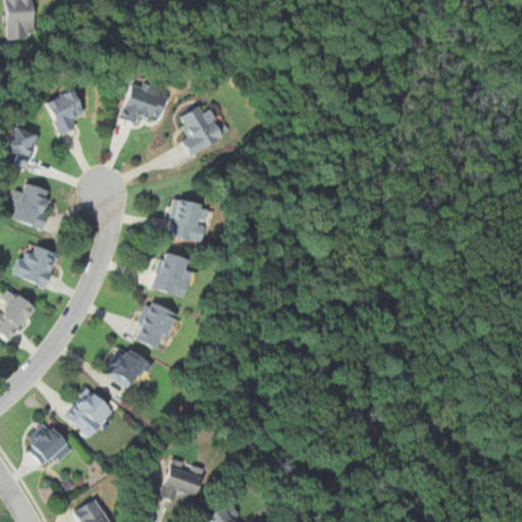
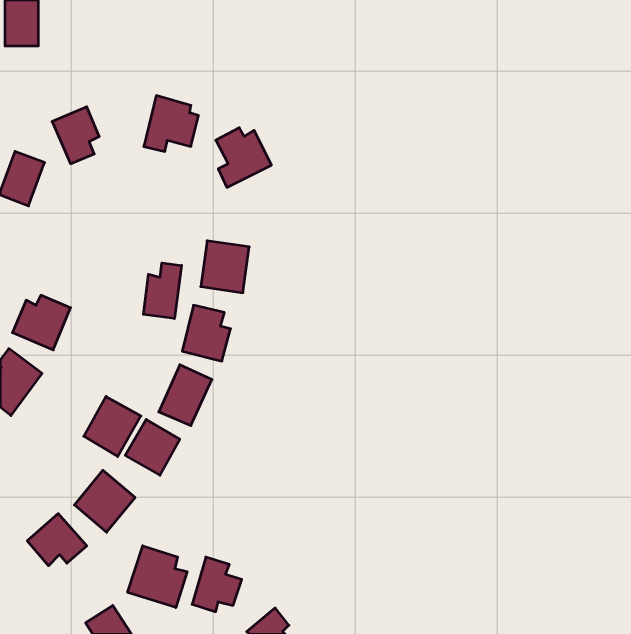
building: [9,182,54,229] -> none
building: none -> [143,263,182,319]
building: none -> [84,396,141,457]
building: none -> [128,546,187,608]

